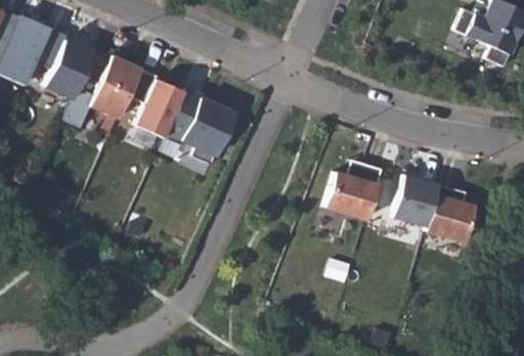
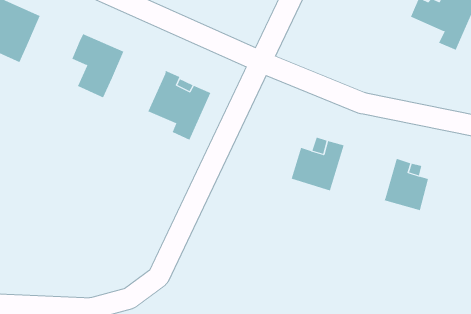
building: [37,29,94,98] -> none
building: [130,68,186,137] -> none
building: [393,175,439,227] -> none

